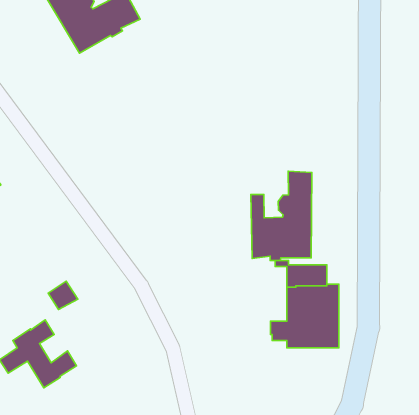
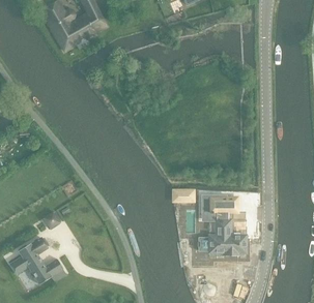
building: [251,171,312,261] -> none

